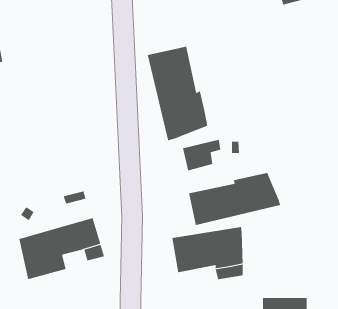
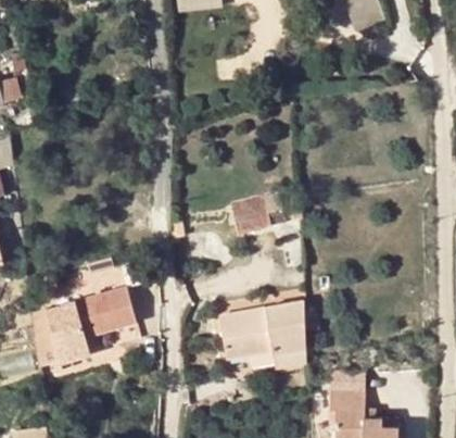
building: [147,46,208,141] -> none
building: [188,172,281,226] -> none

